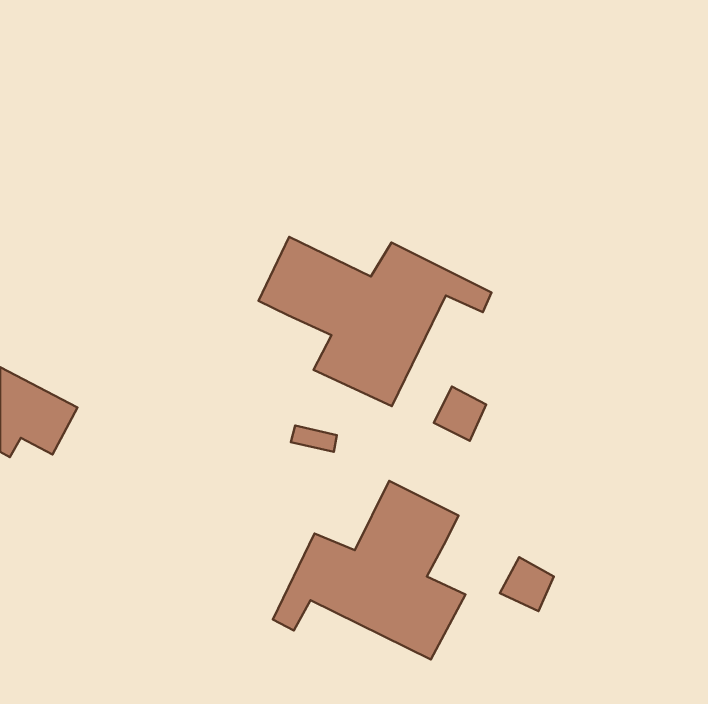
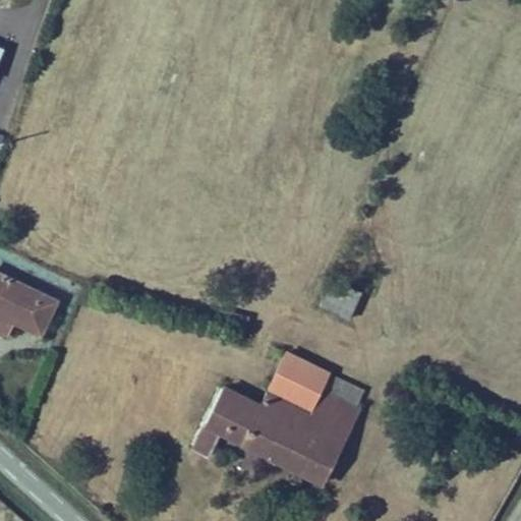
building: [259,237,492,406] -> none
building: [500,557,554,611] -> [313,397,353,437]

